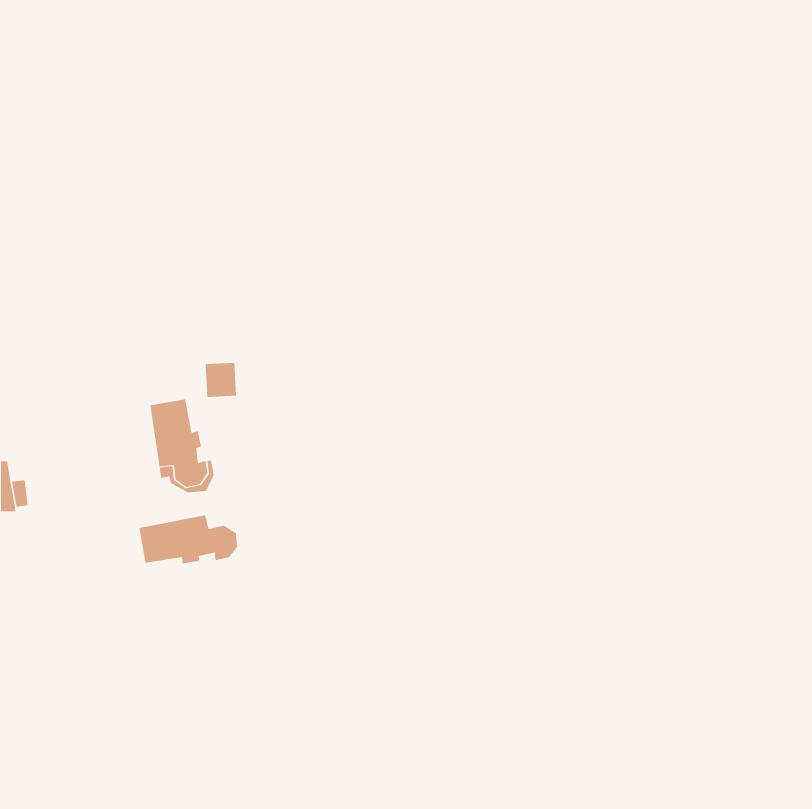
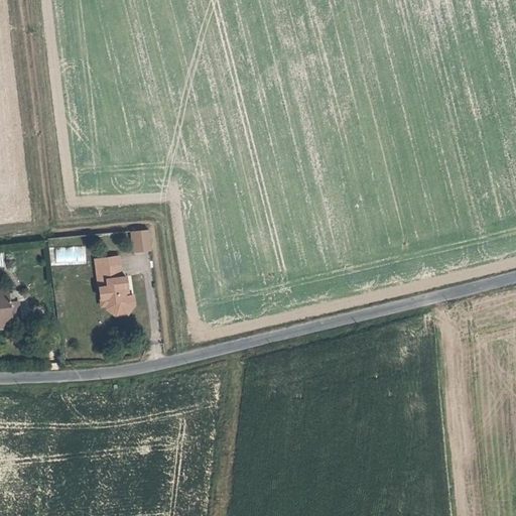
building: [139,515,238,564] -> none

